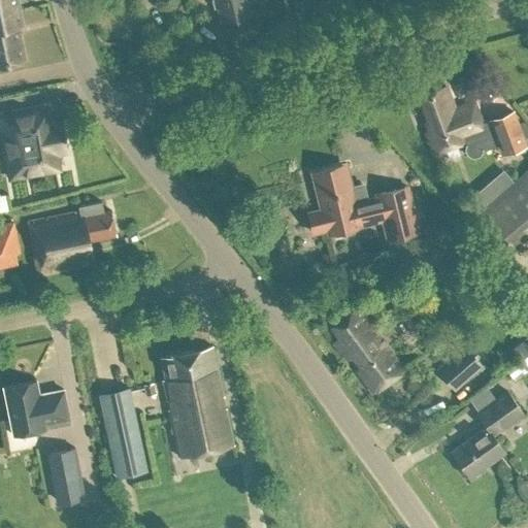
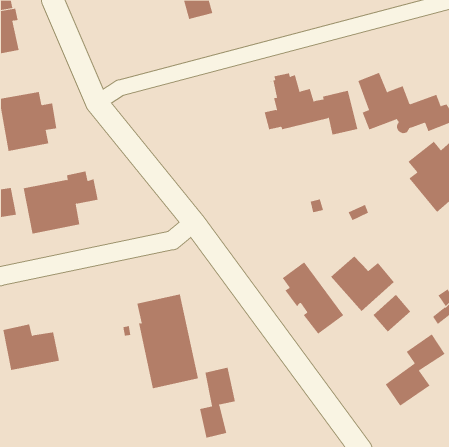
building: [308,168,419,241] -> [264,73,358,135]
building: none -> [330,256,395,312]
building: [99,390,142,478] -> none
building: none -> [199,367,236,439]
building: [51,450,86,504] -> none

